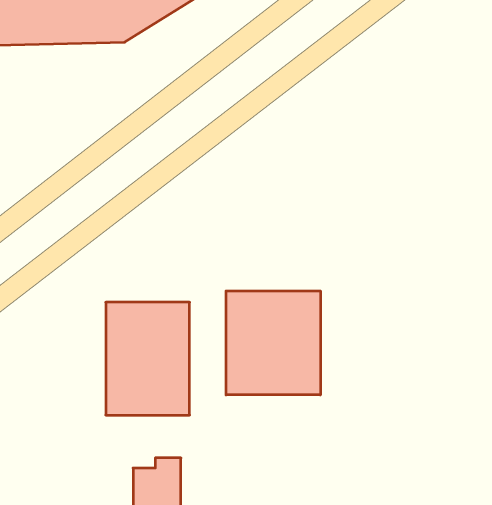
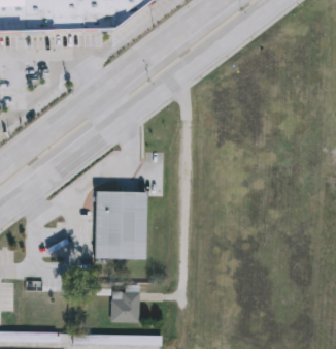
building: [226,291,320,395] -> none

